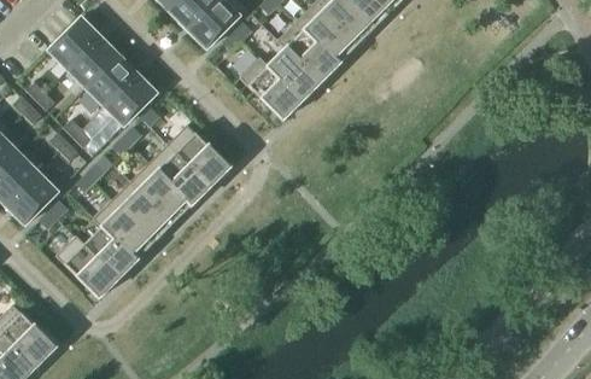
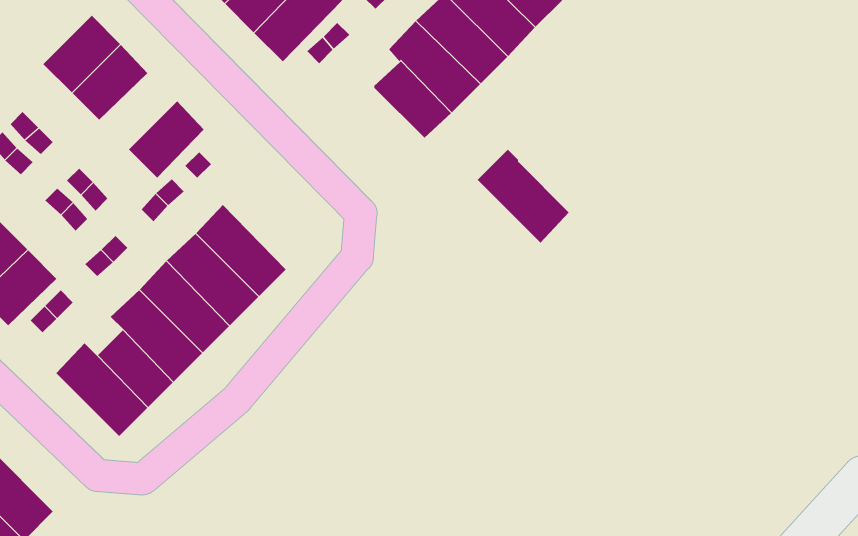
building: [86,57,137,107] -> none
building: [240,58,302,121] -> [477,149,570,243]
building: [168,126,229,187] -> none

